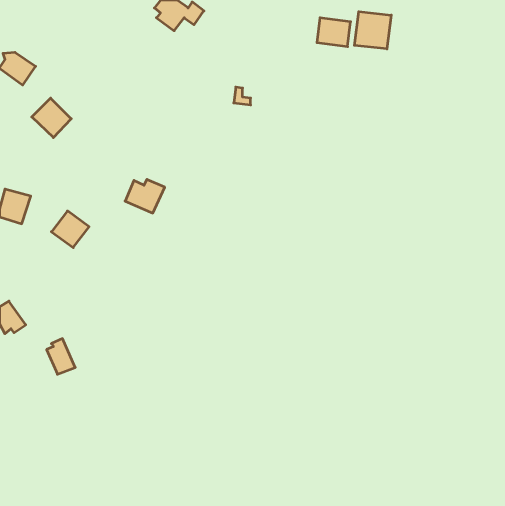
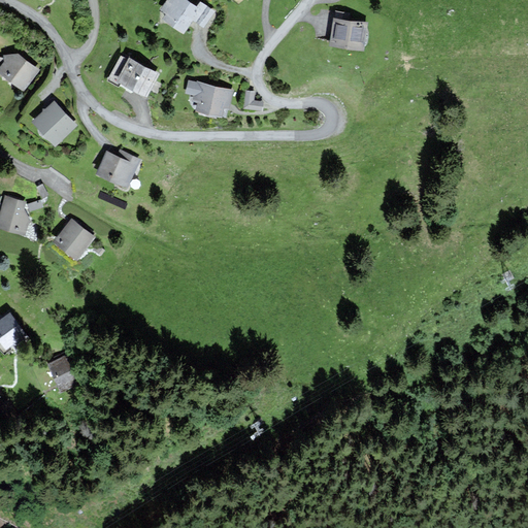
building: [354,12,391,49] -> none
building: none -> [109,58,157,95]
building: none -> [186,81,231,114]
building: [125,179,165,213] -> [97,151,138,186]

